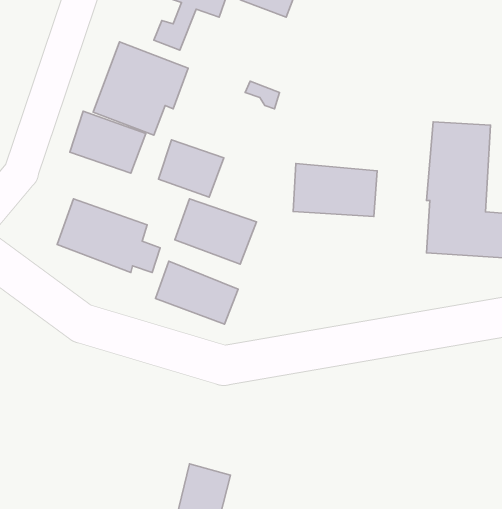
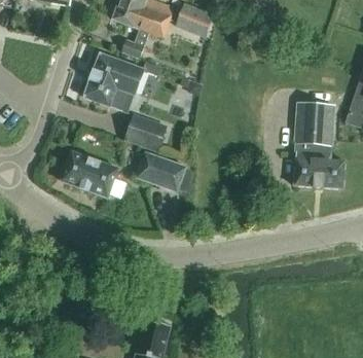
building: [70,111,146,173] -> none
building: [293,164,377,217] -> none
building: [155,261,238,324] -> none

